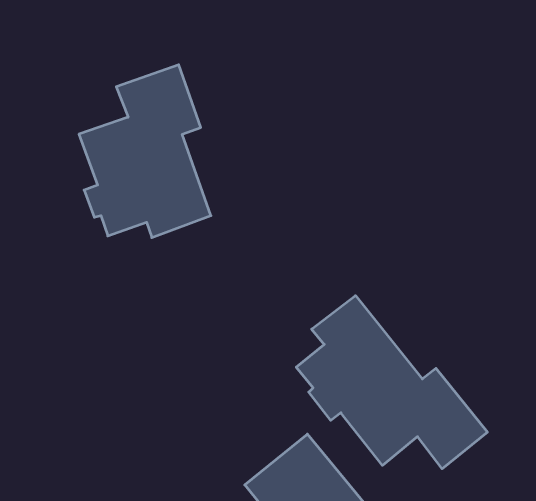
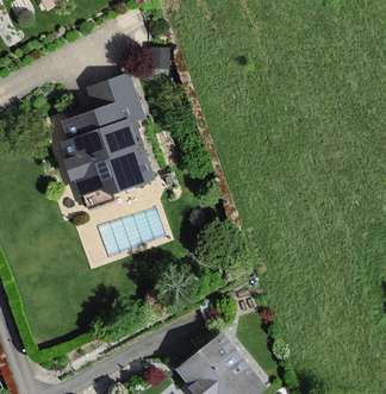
building: [296,296,487,469] -> none

